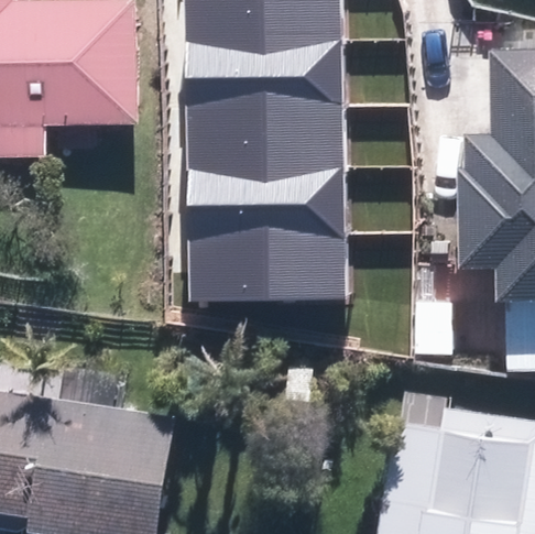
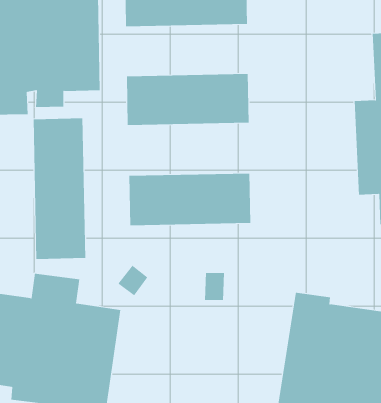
building: [182,42,341,109] -> none
building: none -> [33,117,86,260]
building: [184,170,343,238] -> none

